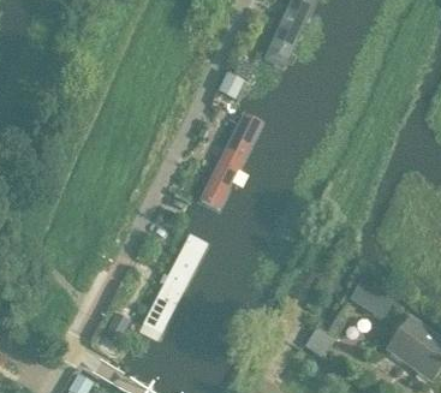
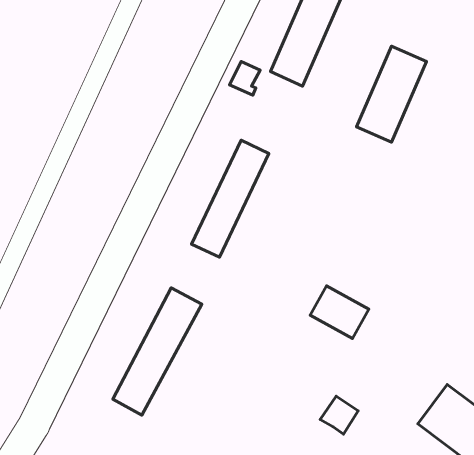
building: none -> [356,46,427,142]
building: [347,276,395,320] -> [310,286,369,338]

